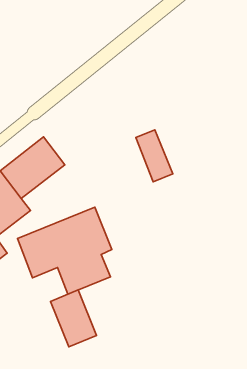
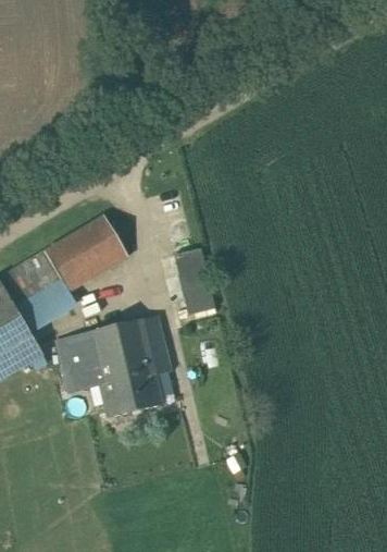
building: [136,130,173,182] -> [174,248,214,312]
building: [50,290,97,347] -> none

